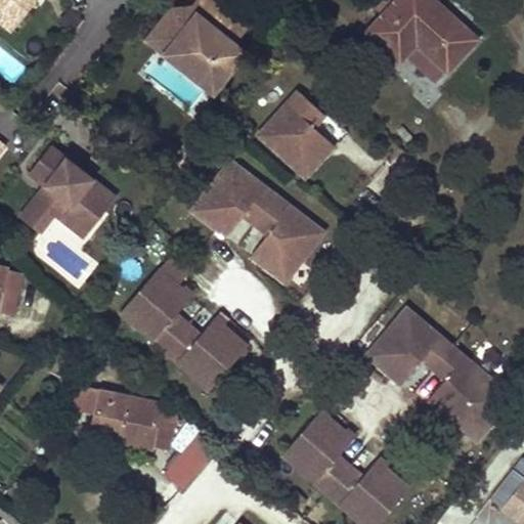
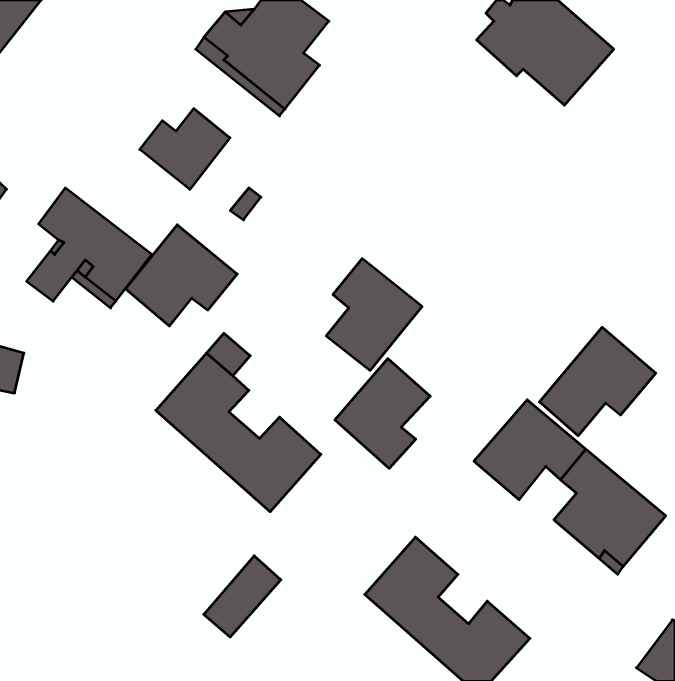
building: none -> [140,109,230,189]
building: [260,88,337,176] -> none
building: [192,161,278,238] -> [125,225,237,326]
building: none -> [539,327,656,436]
building: none -> [335,359,430,468]
building: [88,390,172,447] -> none

